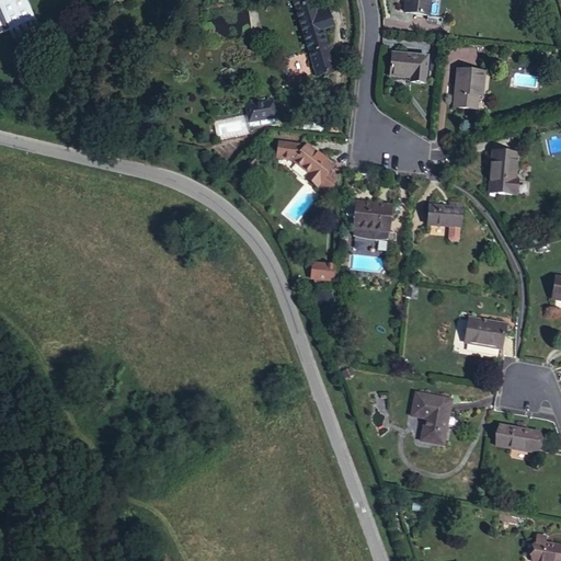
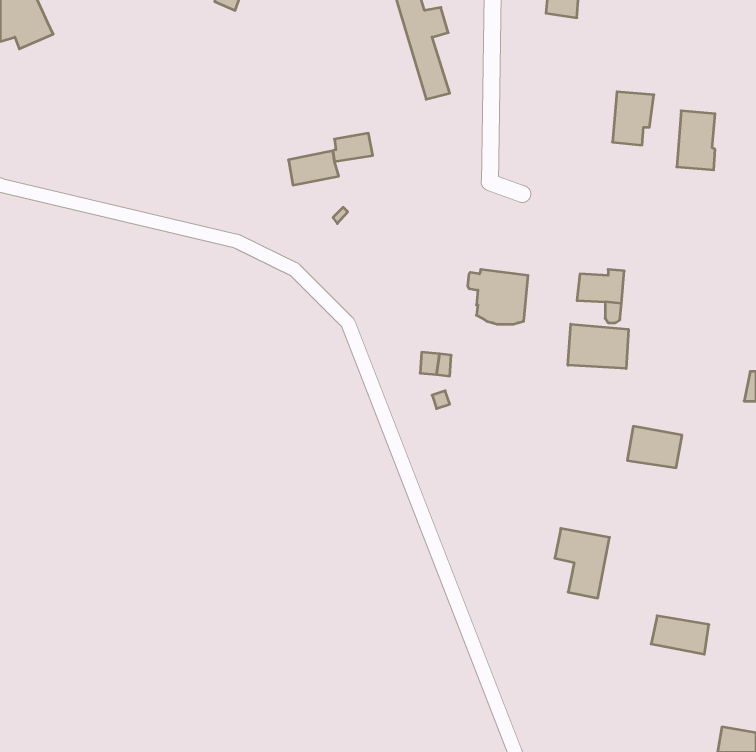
building: [390,50,427,80] -> none
building: [276,139,335,188] -> none
building: [489,149,517,193] -> [677,111,715,170]
building: none -> [568,324,628,369]
building: [495,423,538,451] -> [651,616,709,654]

